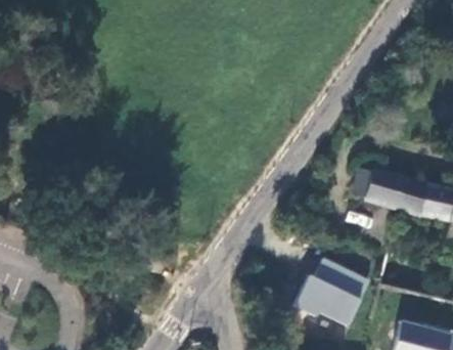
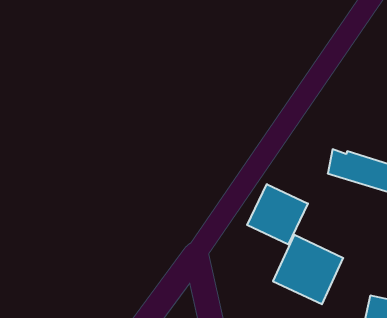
building: none -> [247,184,308,244]

